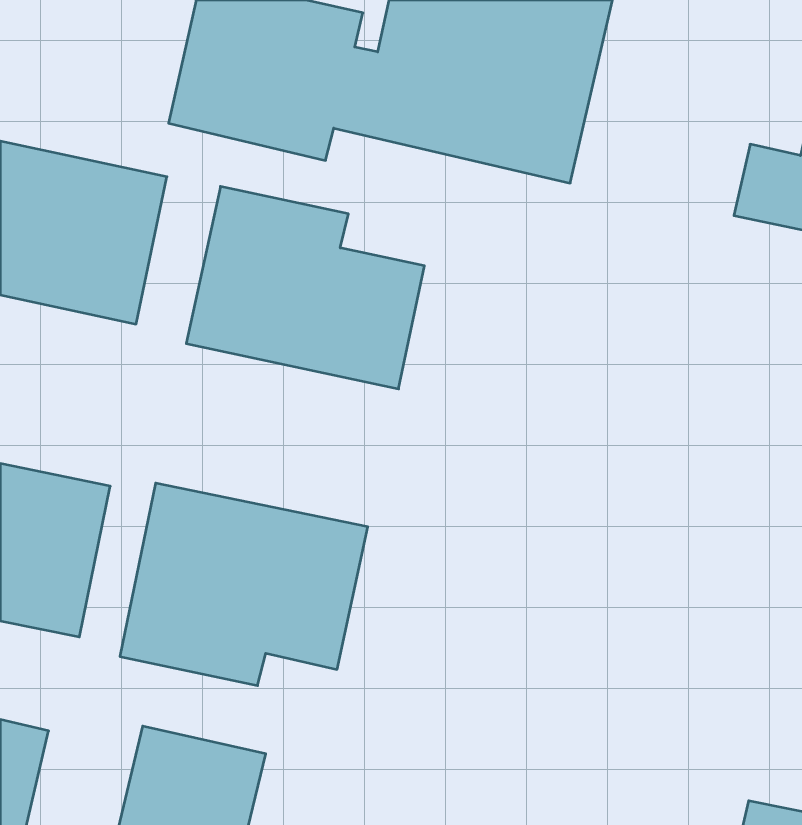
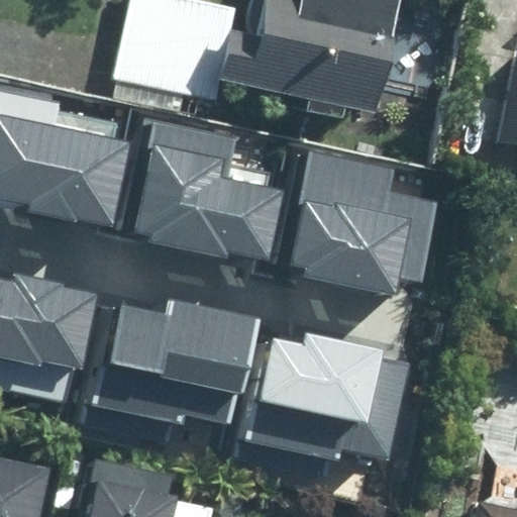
building: none -> [289,150,436,280]
building: none -> [247,341,406,468]

